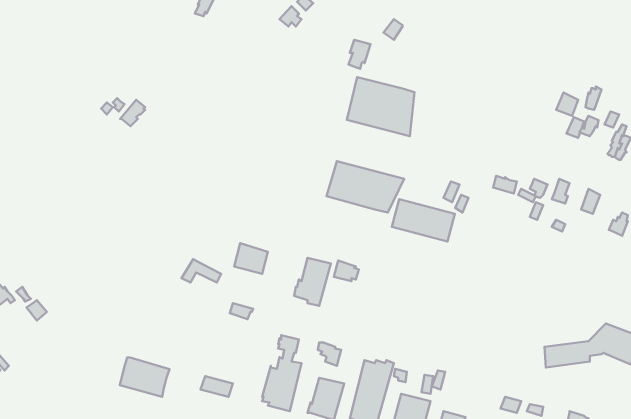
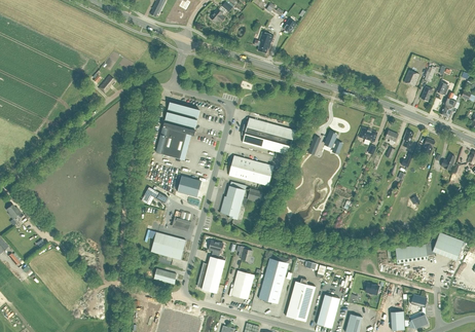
building: [347,77,414,136] -> none
building: none -> [156,102,199,159]
building: [392,199,455,241] -> [229,155,273,185]
building: [120,357,170,397] -> [151,231,186,259]

